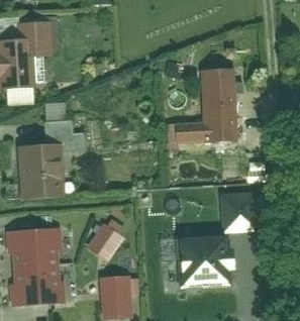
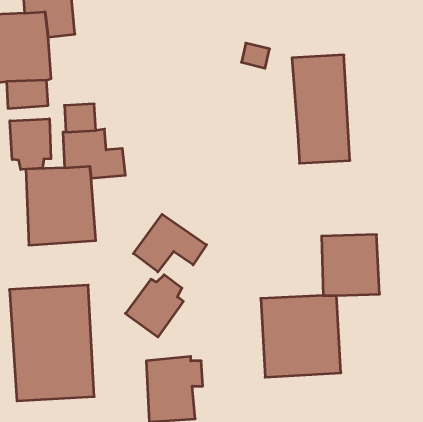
building: none -> [10,119,51,170]
building: [177,123,205,143] -> none
building: none -> [133,214,207,272]

